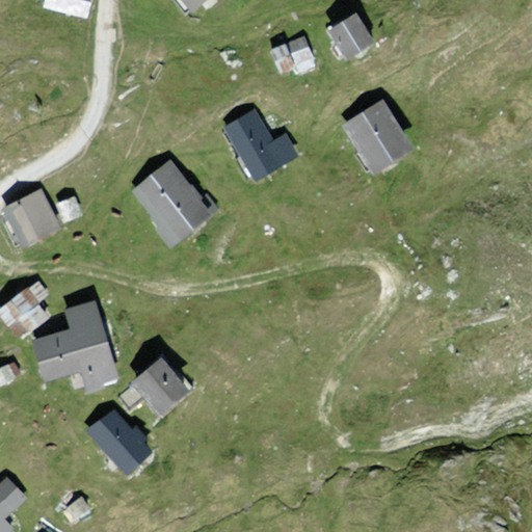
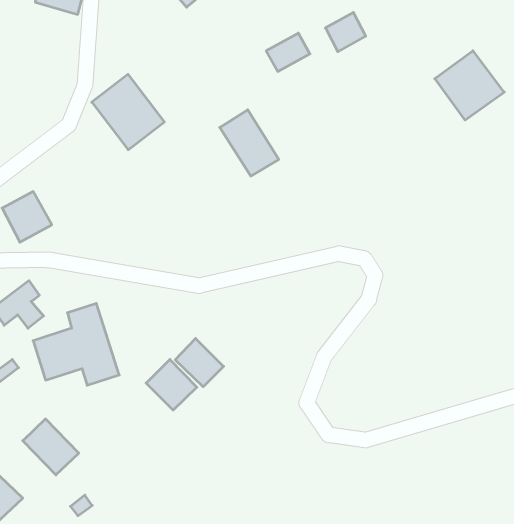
building: [346,100,416,169] -> [435,51,504,120]
building: [133,166,206,242] -> [92,74,164,150]
building: none -> [175,338,224,387]
building: [96,414,152,470] -> [23,419,79,475]

